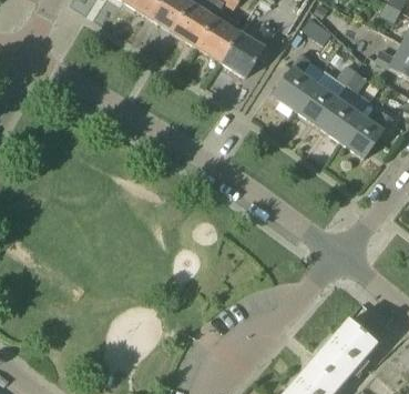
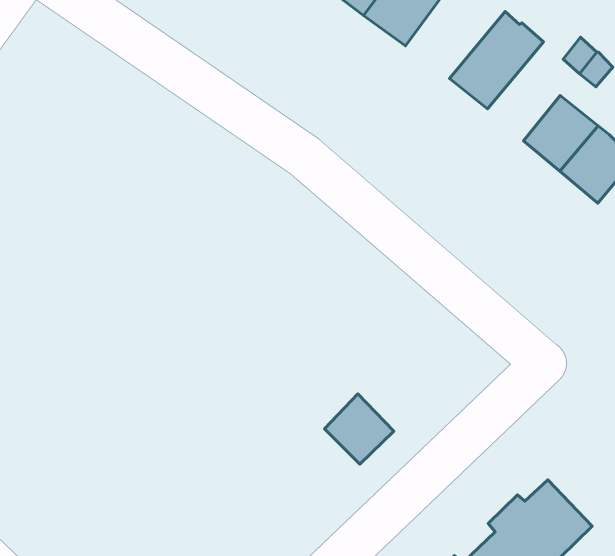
building: [296,83,337,127] -> none
building: none -> [325,394,394,464]

